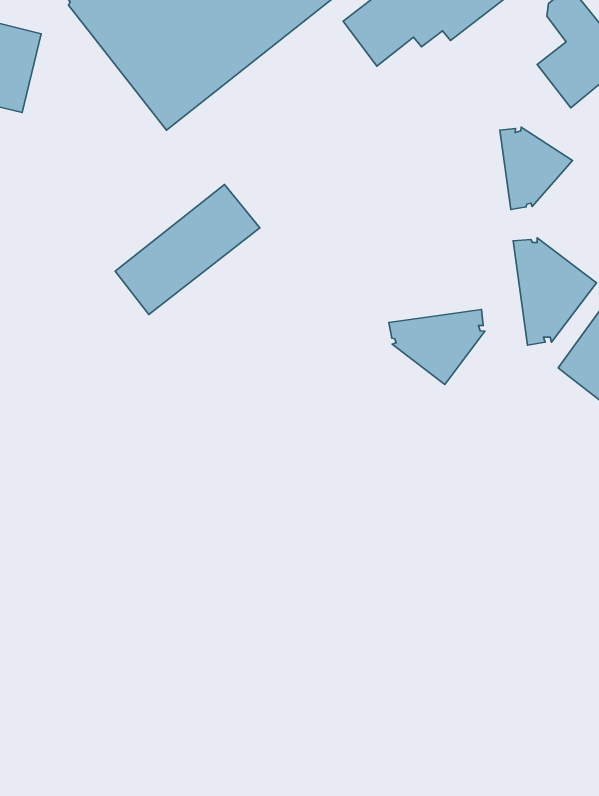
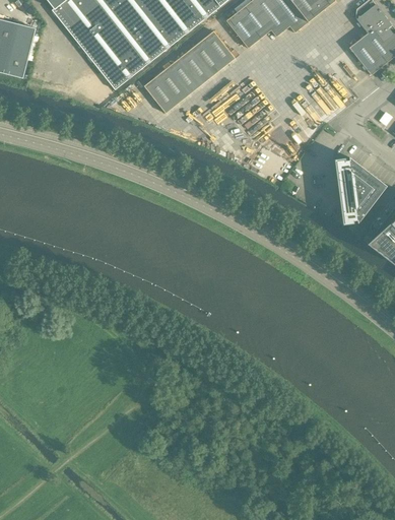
building: [500,127,572,210] -> none
building: [115,185,260,315] -> [144,30,236,113]
building: [389,310,485,385] -> none

